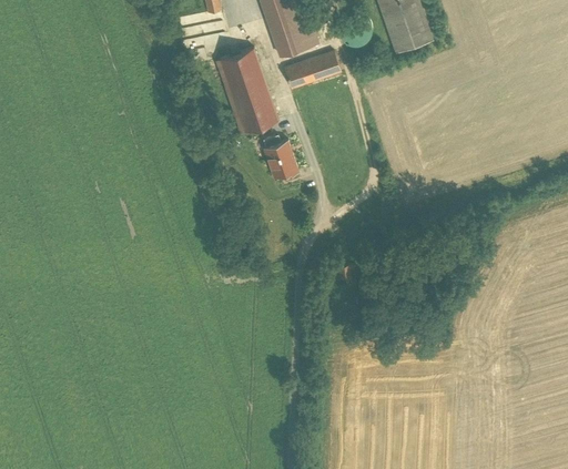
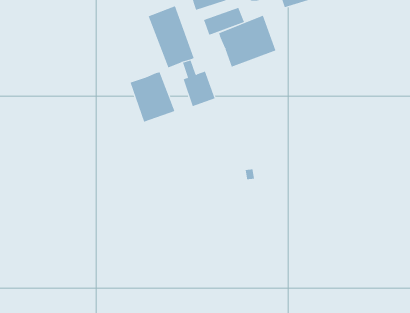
building: none -> [219,15,276,67]
building: none -> [130,71,175,122]

